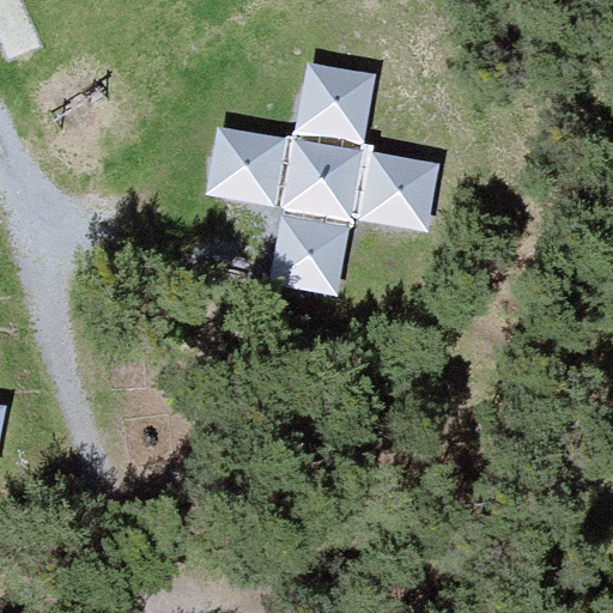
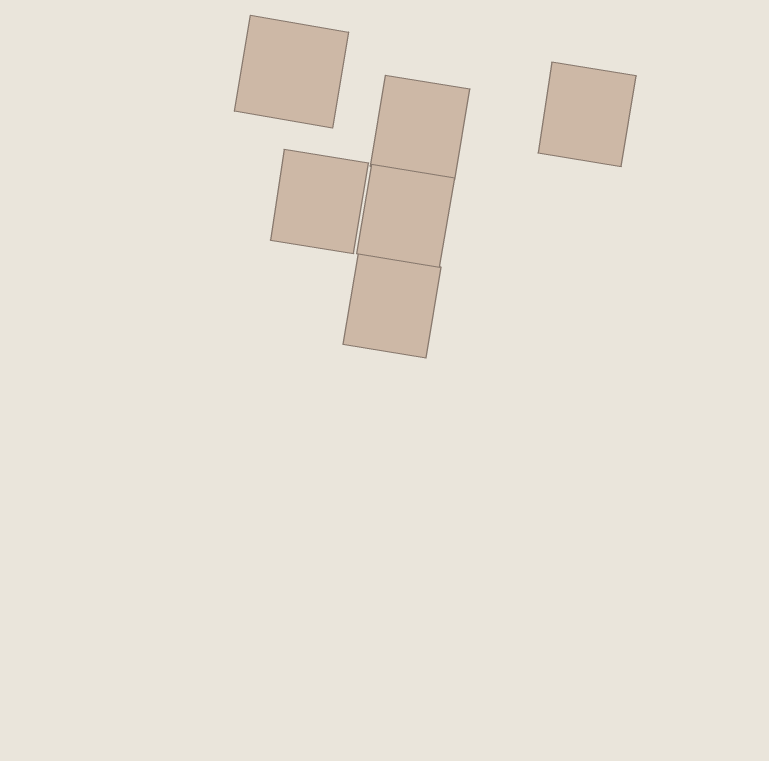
building: none -> [235,15,348,128]
building: [351,150,429,232] -> [538,62,636,166]

